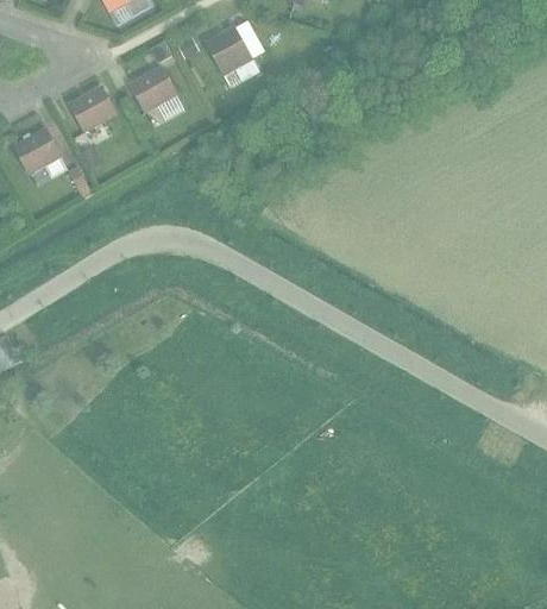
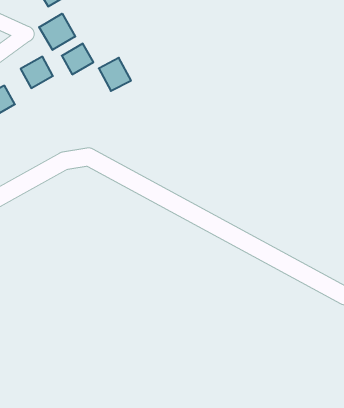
building: none -> [39,14,75,50]
building: [205,25,252,74] -> [99,58,131,91]

